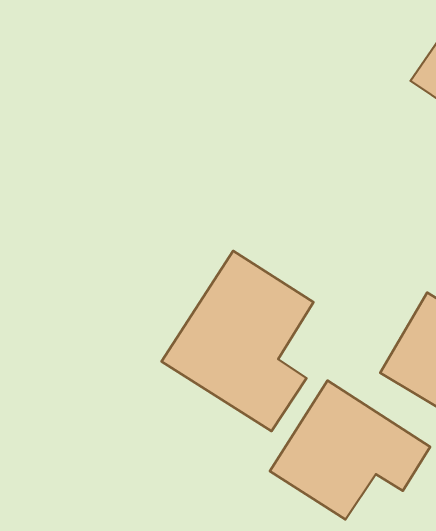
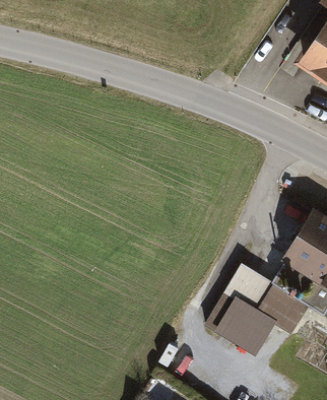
building: [162,251,313,431] -> none

